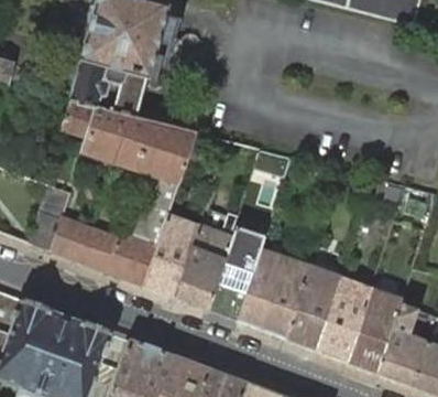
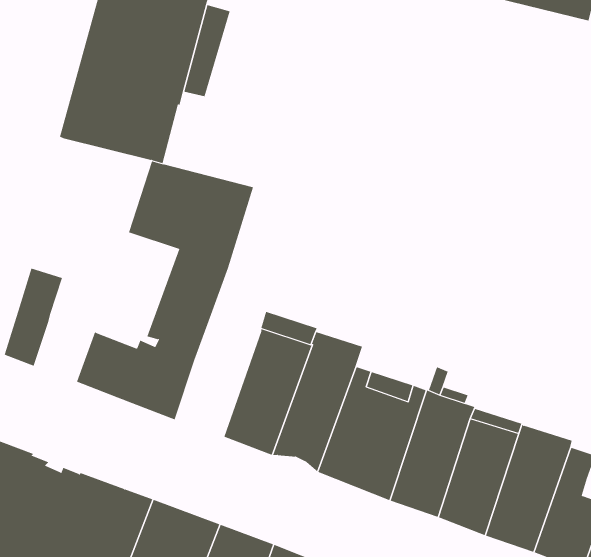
building: [61,100,128,162] -> none
building: [51,216,90,260] -> none
building: [143,216,199,297] -> none

